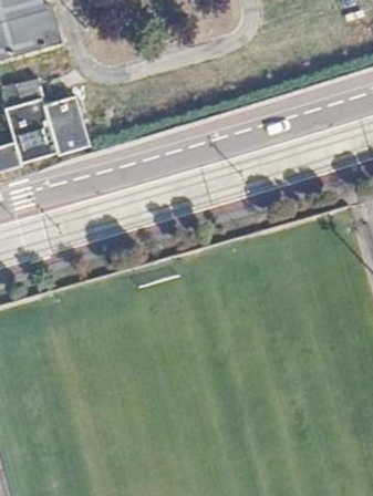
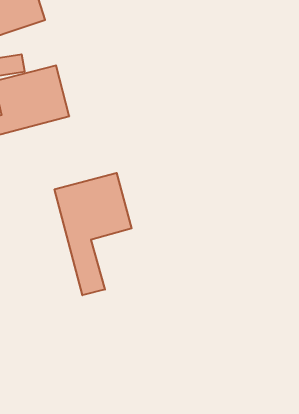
building: none -> [55,173,132,295]

